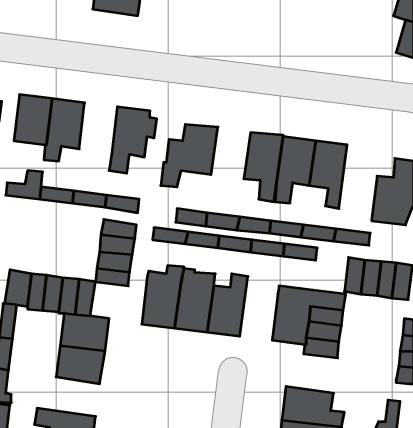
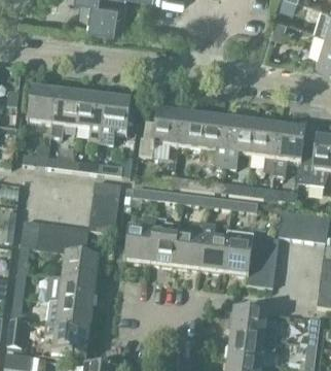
building: none -> [77,92,106,143]
building: none -> [178,111,207,149]
building: none -> [273,124,305,175]
building: none -> [198,224,227,272]
building: none -> [45,299,93,330]

